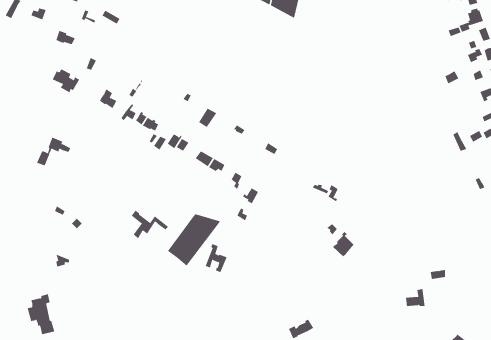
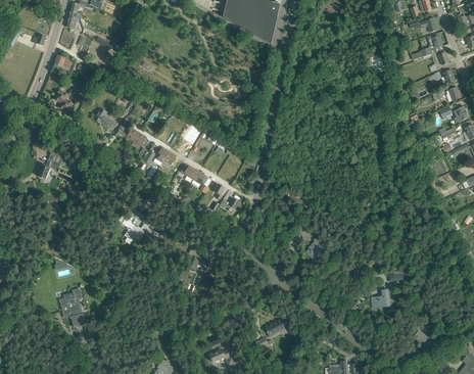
building: [167,213,221,266] -> none
building: [27,293,55,335] -> [60,288,86,326]

